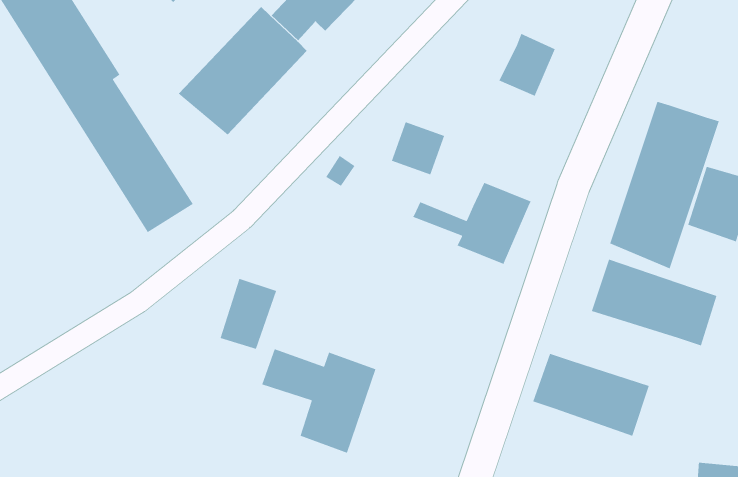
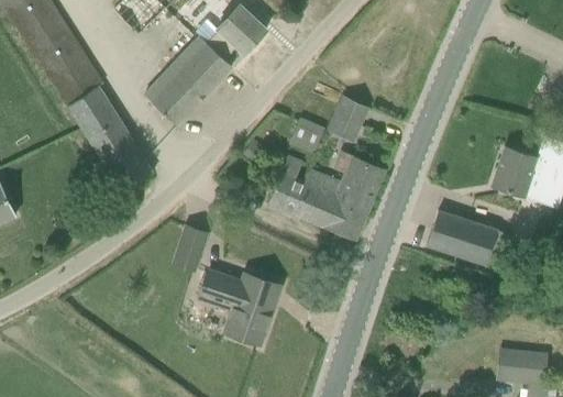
building: [498,33,556,97] -> [328,97,367,141]
building: [609,101,720,269] -> none
building: none -> [267,156,366,241]
building: [532,353,650,437] -> none

